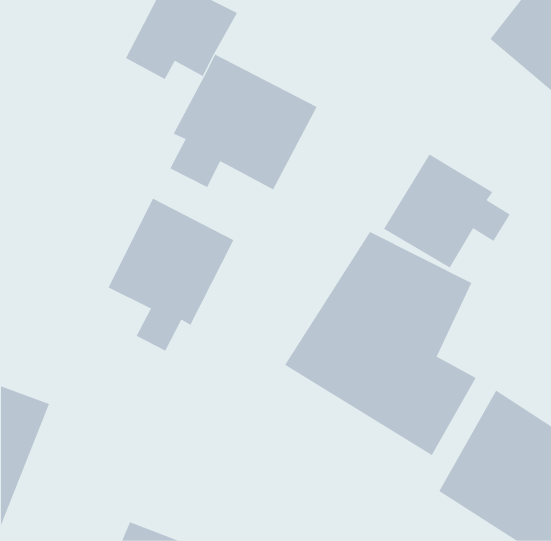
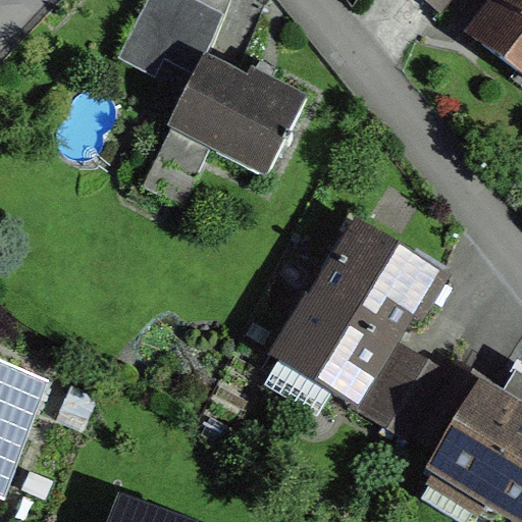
building: [383,154,510,269] -> none
building: [108,198,234,351] -> none

